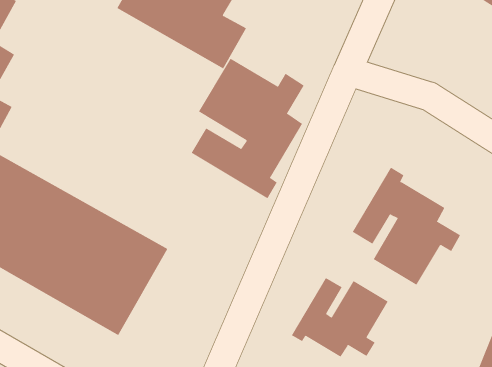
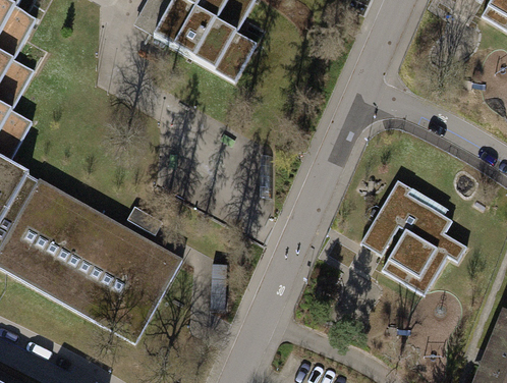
building: [191,58,305,199] -> none
building: [291,277,388,357] -> none

